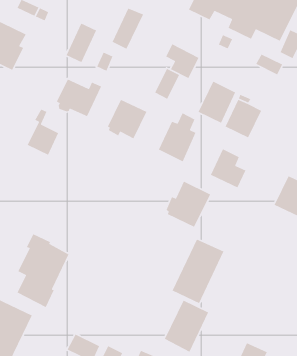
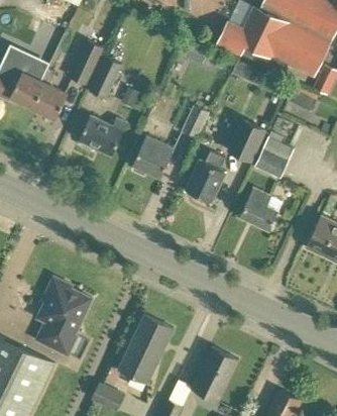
building: [111,7,144,50] -> [69,40,103,85]
building: [165,43,200,79] -> none
building: [26,109,59,156] -> [32,69,67,118]
building: [165,181,211,228] -> none
building: [172,239,224,304] -> [117,315,173,384]

